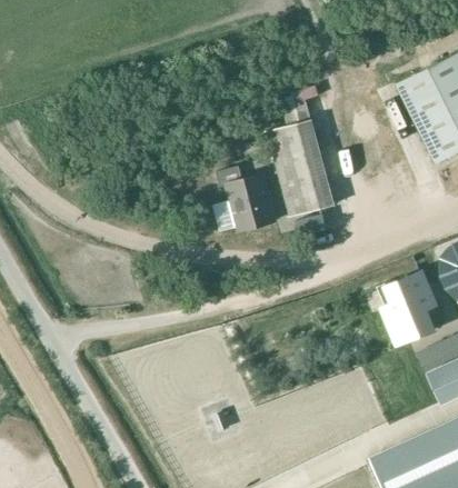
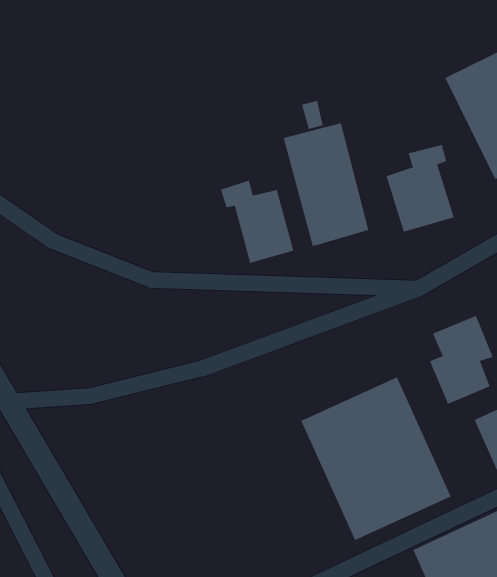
building: none -> [386,144,455,233]
building: none -> [300,377,452,541]

